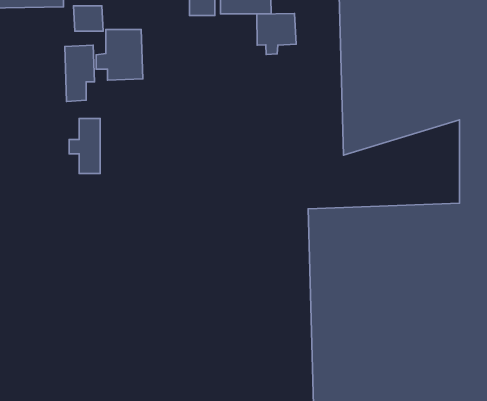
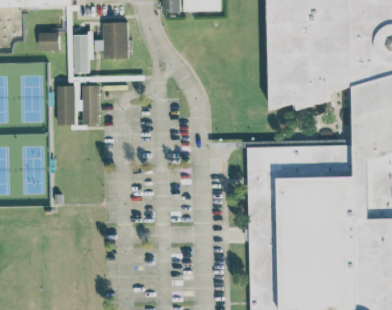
building: [73,6,103,31] -> [39,32,60,50]
building: [257,13,296,55] -> none
building: none -> [57,85,75,124]

